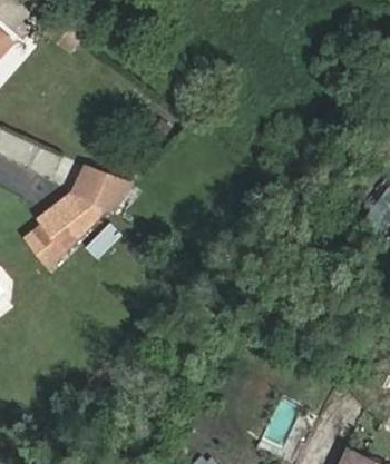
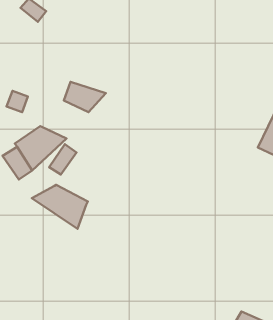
building: [76,168,133,209] -> [64,82,106,112]
building: none -> [32,185,88,229]

